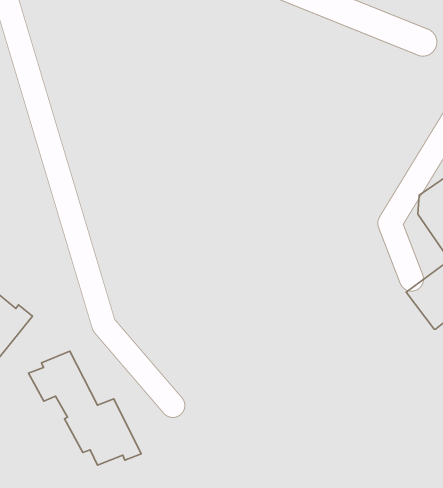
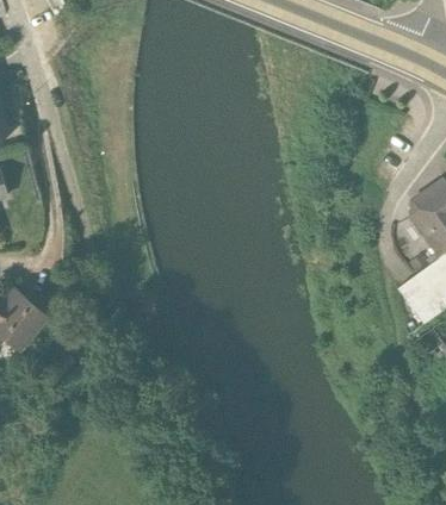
building: [29,351,141,465] -> none

